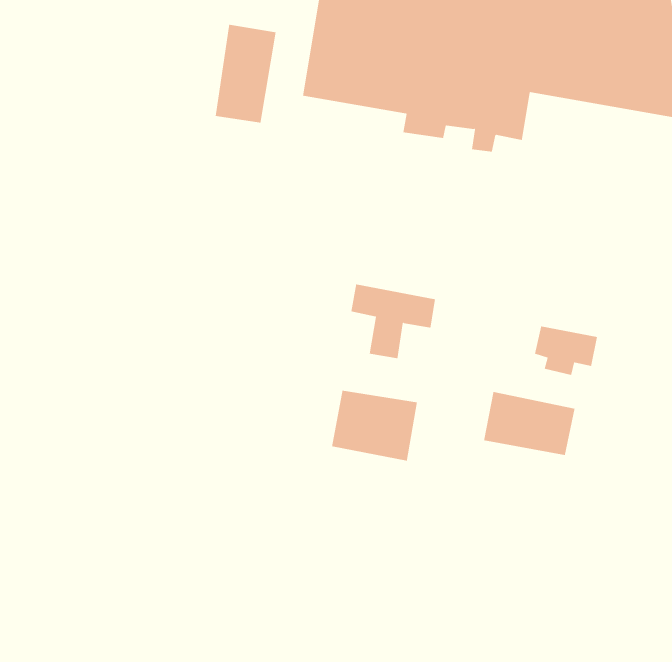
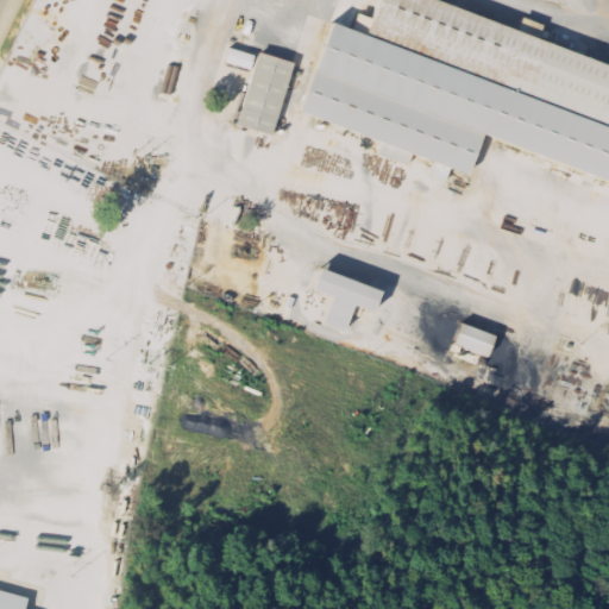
building: [331,390,418,461] -> none
building: [484,391,575,456] -> none

